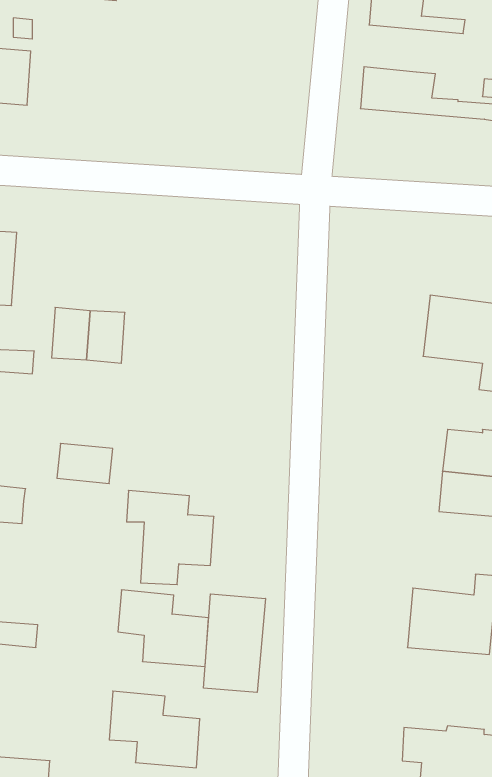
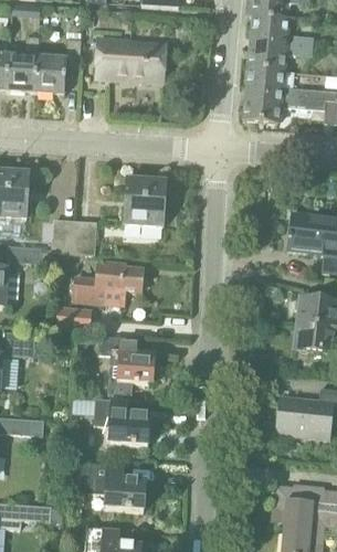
building: none -> [36,38,83,93]
building: none -> [97,40,166,82]
building: none -> [250,40,313,70]
building: none -> [245,93,326,123]
building: none -> [125,178,168,227]
building: none -> [73,263,144,305]
building: [204,594,265,692] -> none

